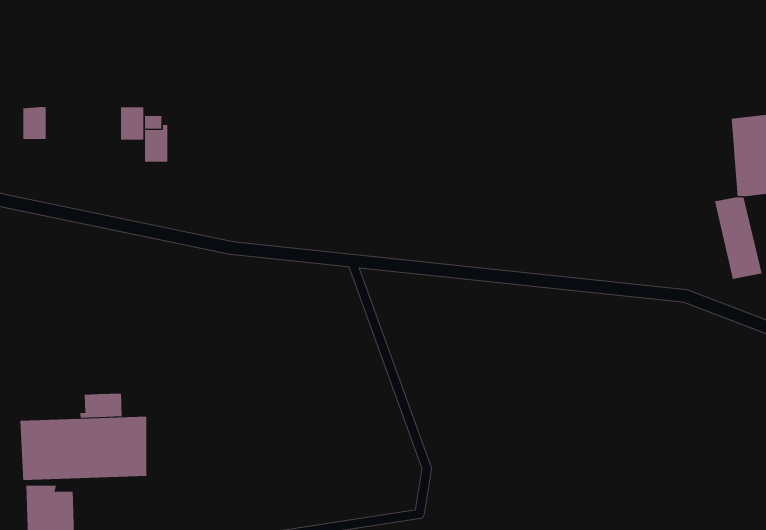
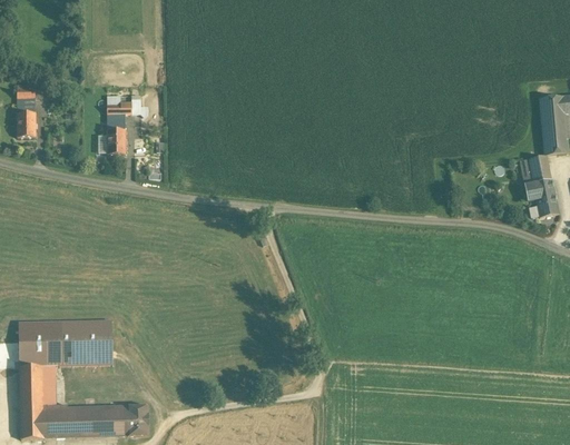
building: [120,107,144,140] -> [108,129,126,154]
building: none -> [18,112,37,137]
building: [80,393,122,418] -> none

